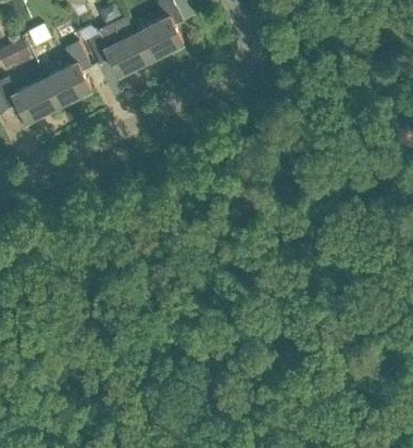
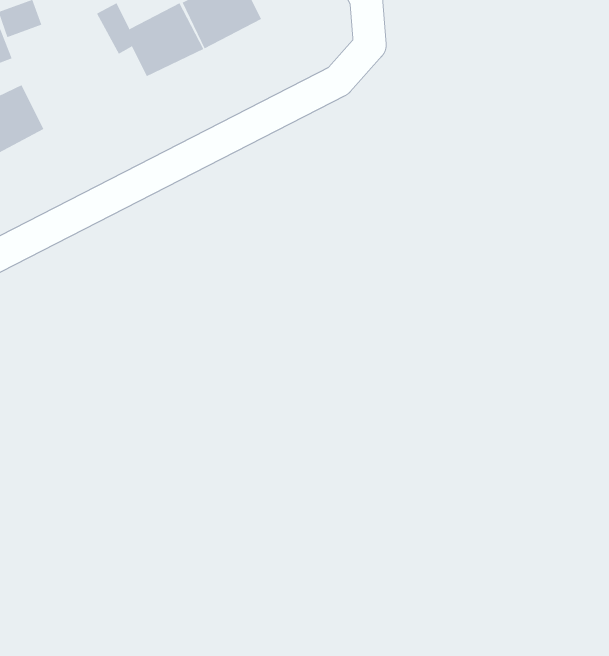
building: [46,41,91,104] -> none

